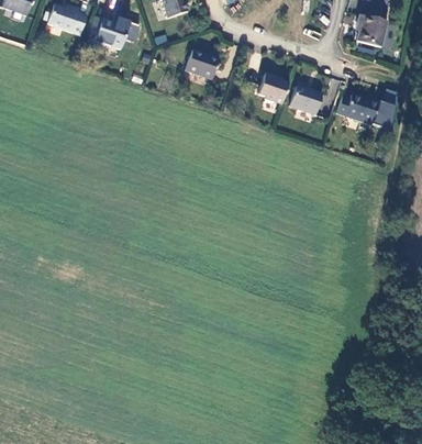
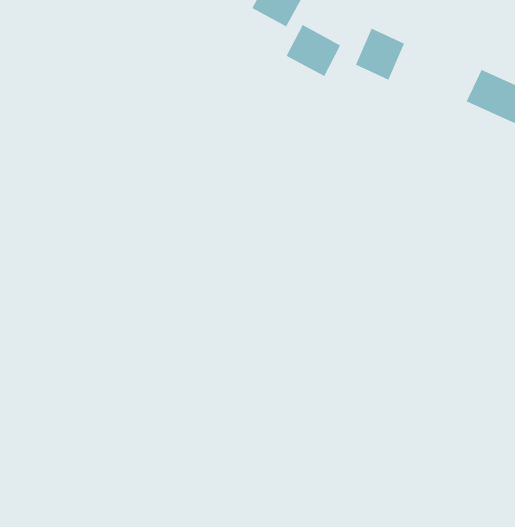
building: none -> [286,24,341,77]
building: [292,87,324,115] -> none

